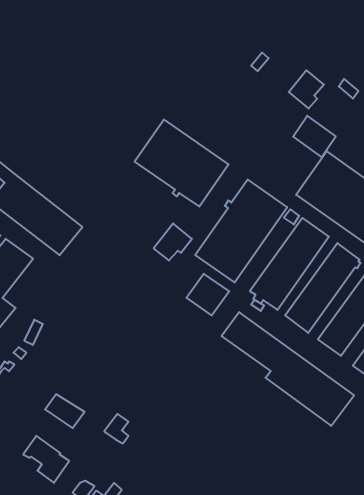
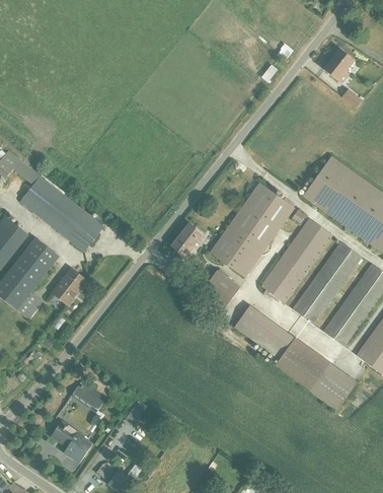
building: [289,70,324,109] -> [322,48,355,83]
building: [293,116,336,157] -> none
building: [135,120,229,207] -> none
building: none -> [51,267,86,304]

